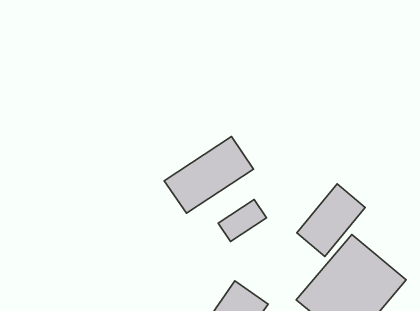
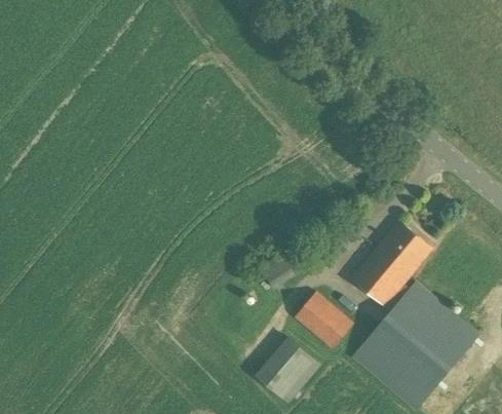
building: [164,137,254,213] -> none
building: none -> [296,291,355,348]

